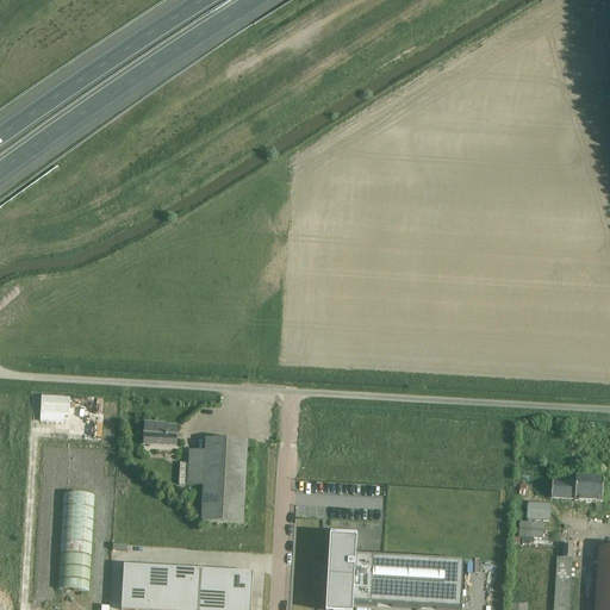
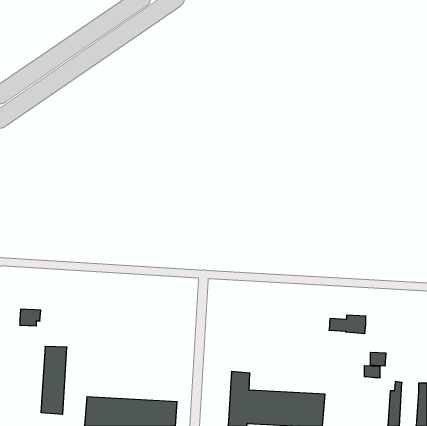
building: [41,397,70,421] -> [20,309,41,326]
building: [144,422,176,444] -> none
building: [180,437,247,523] -> none
building: [550,475,603,502] -> [329,315,366,334]

